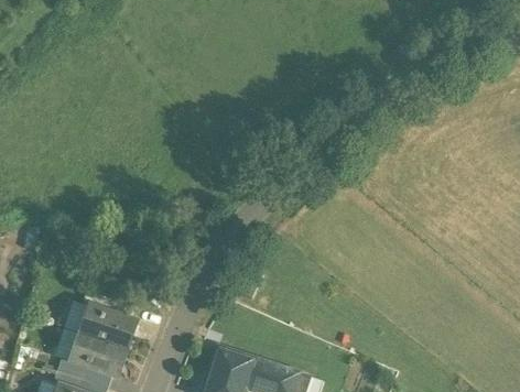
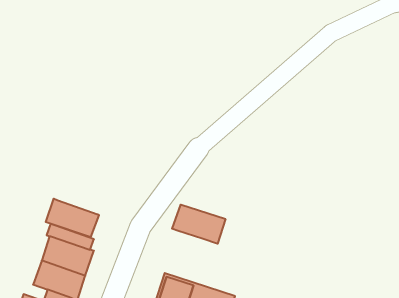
building: none -> [46,199,99,237]
building: none -> [172,205,225,244]

